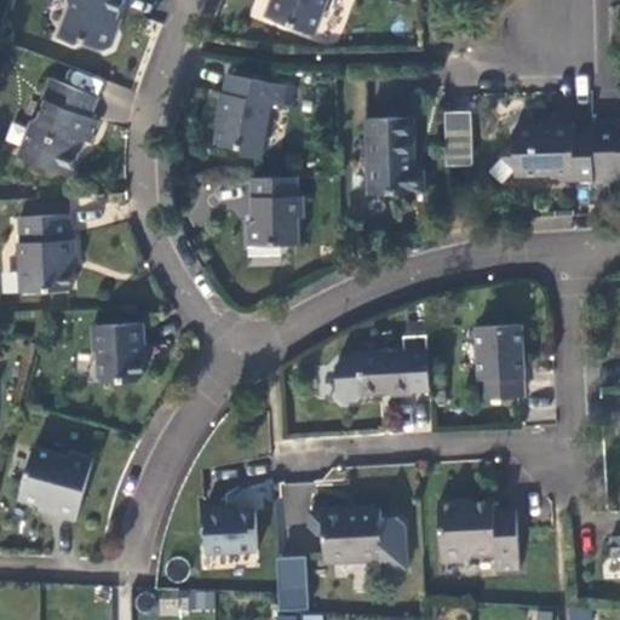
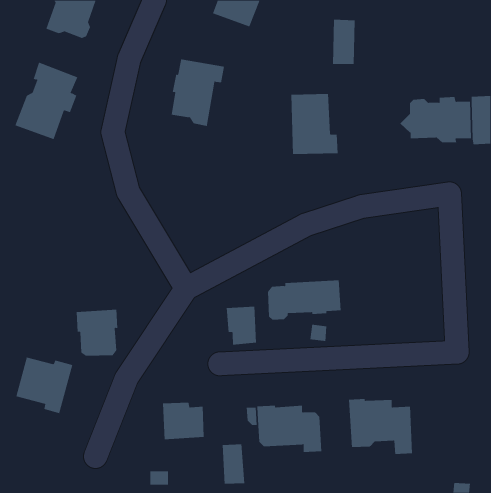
building: [441,109,470,166] -> [332,19,355,64]
building: [245,176,303,246] -> none
building: [18,214,74,292] -> none
building: [91,322,144,381] -> [76,309,118,356]
building: [476,325,523,398] -> none
building: none -> [226,306,257,345]

